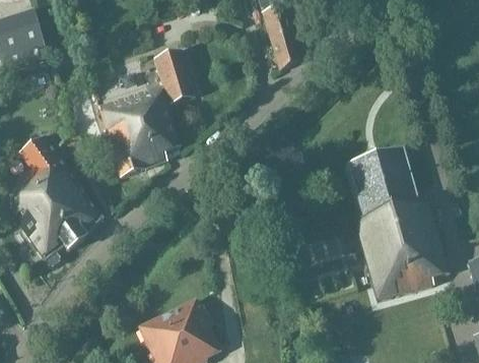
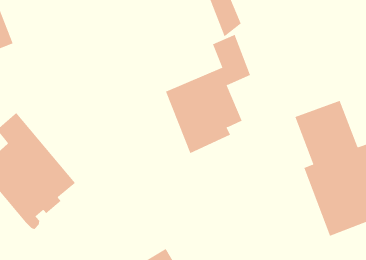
building: [98,47,194,175] -> [165,34,251,154]

